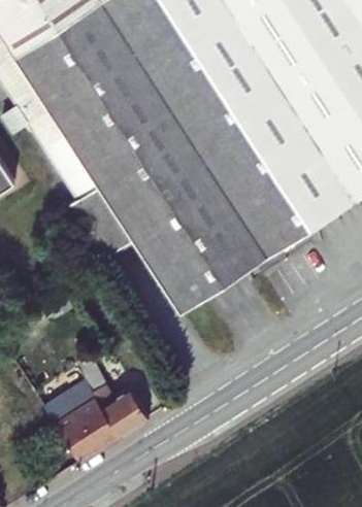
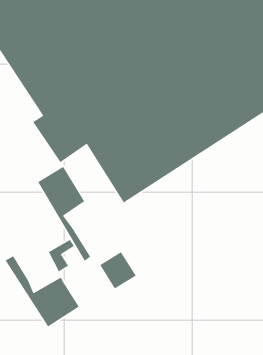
building: none -> [37,166,91,262]
building: [100,387,147,436] -> [99,251,137,290]

